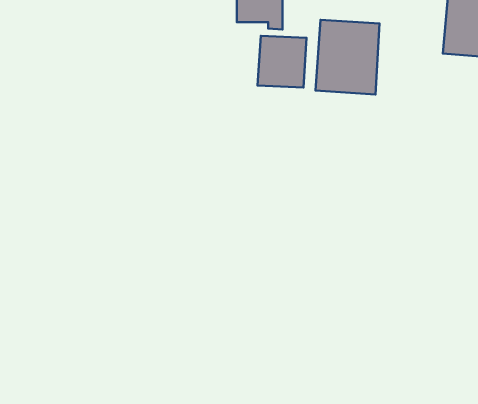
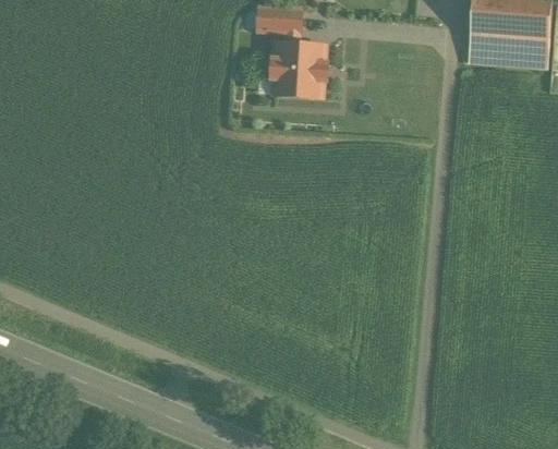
building: [316,20,380,94] -> none

